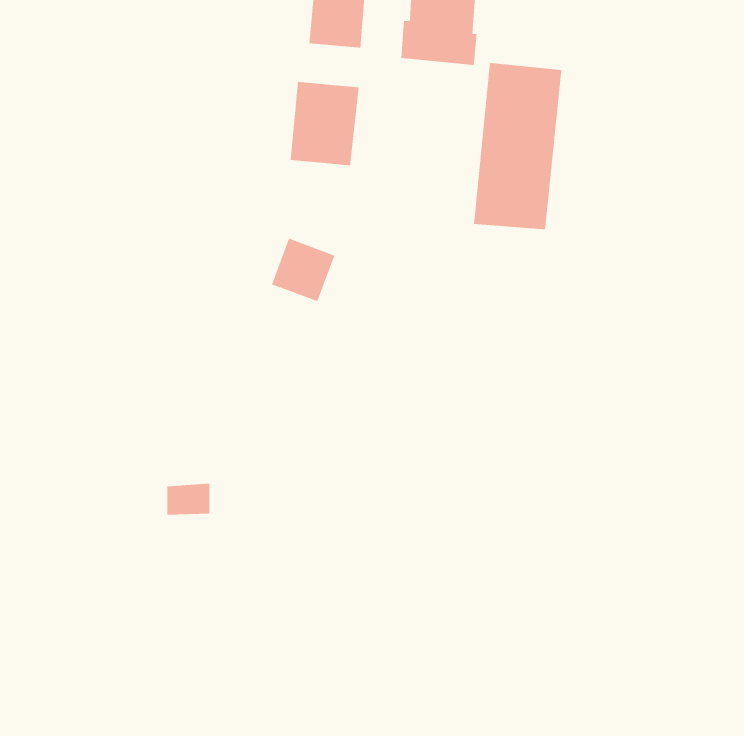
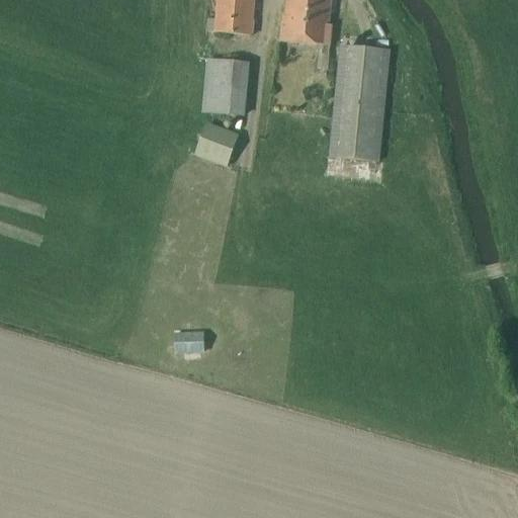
building: [271,238,335,302] -> [194,121,239,166]
building: [167,483,210,515] -> [174,330,204,352]

